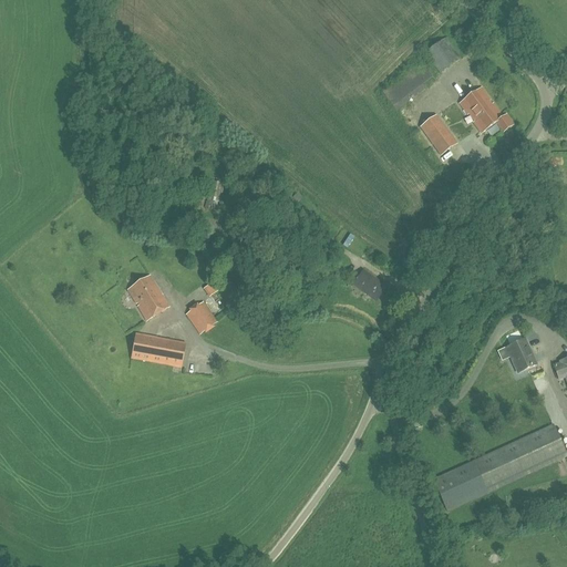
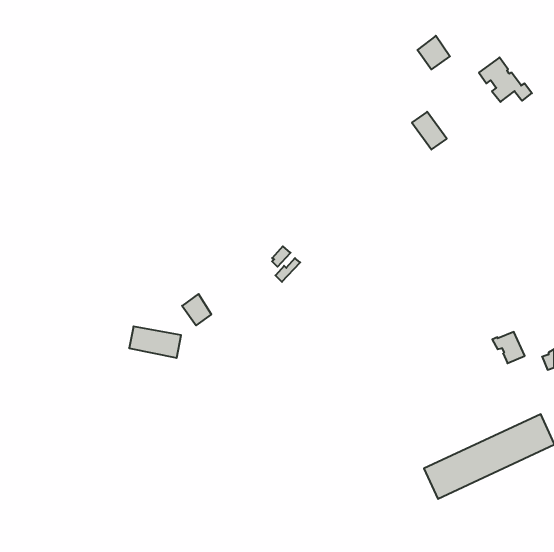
building: [460,86,514,132] -> [479,57,532,102]
building: [351,270,390,302] -> none
building: [127,274,169,319] -> none

